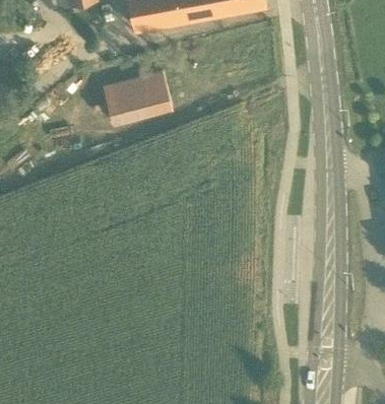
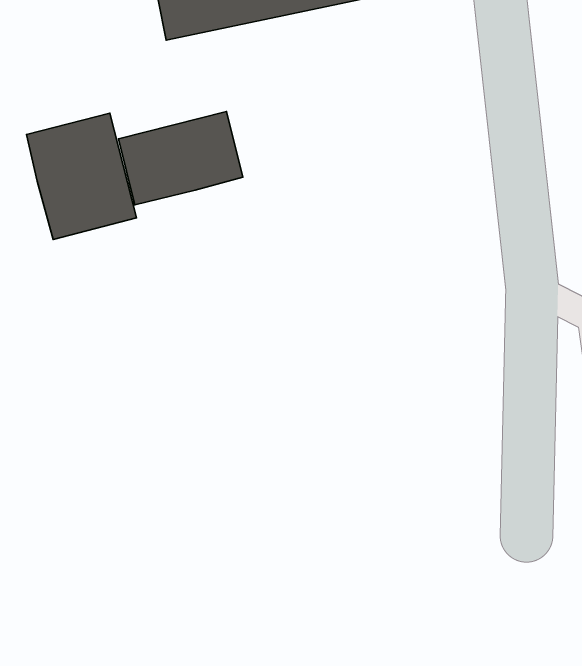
building: none -> [26,113,136,239]

